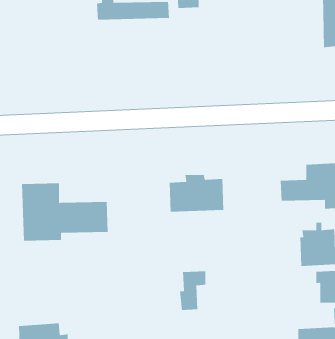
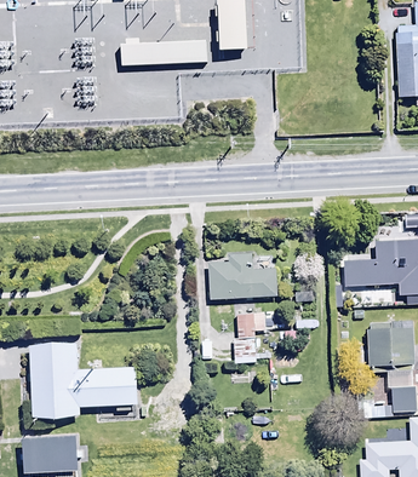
building: [21,183,108,241] -> [29,344,136,415]
building: [179,271,206,311] -> [233,314,265,362]

